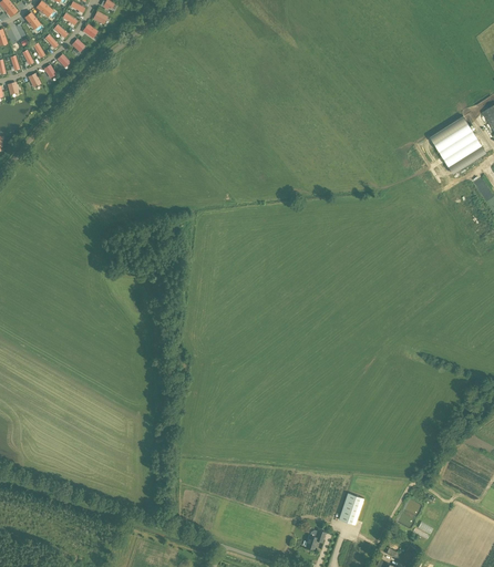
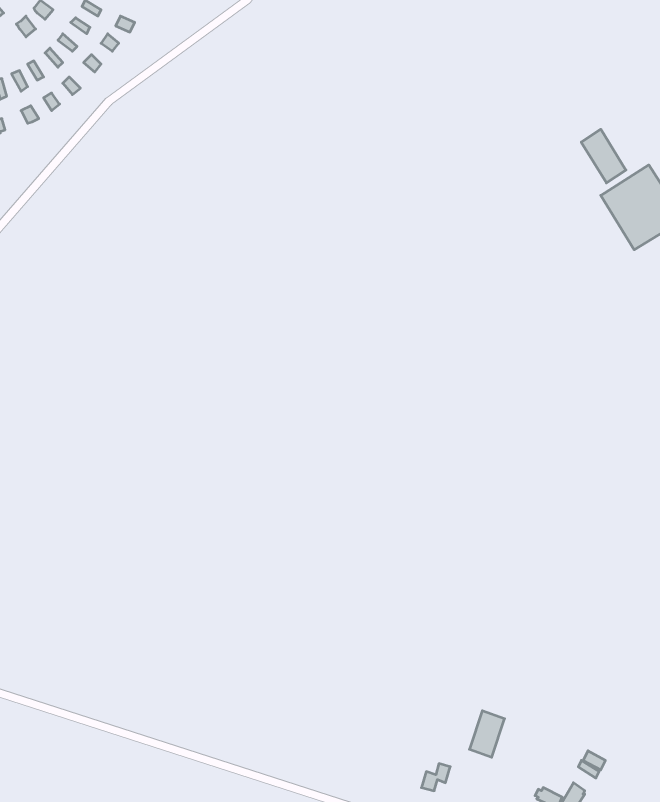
building: none -> [581,129,626,183]

